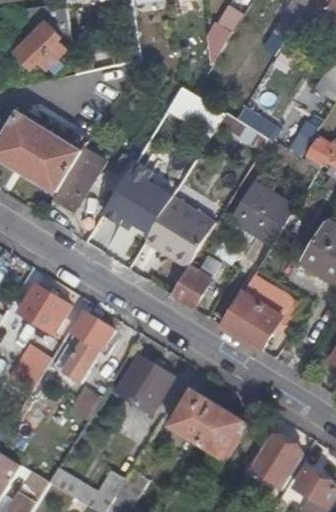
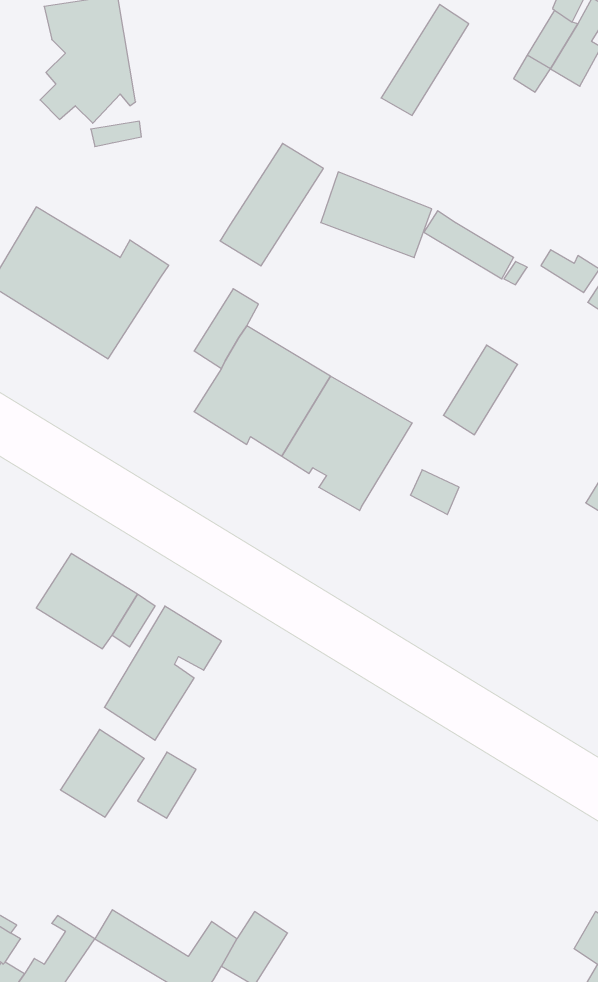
building: [51,144,104,207] -> [220,143,323,266]
building: [244,189,292,241] -> none
building: [168,255,217,306] -> none
building: [219,273,296,348] -> none
building: [8,346,51,391] -> [60,729,144,817]
building: [116,357,174,414] -> none
building: [172,391,247,460] -> none
building: [252,437,302,489] -> none

